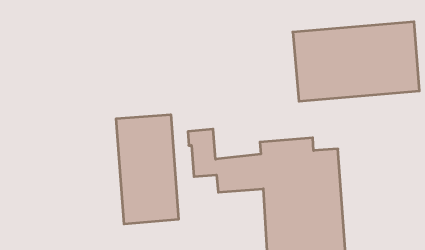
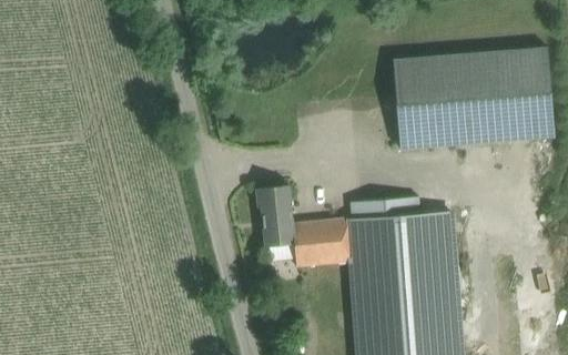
building: [116,115,178,224] -> none

